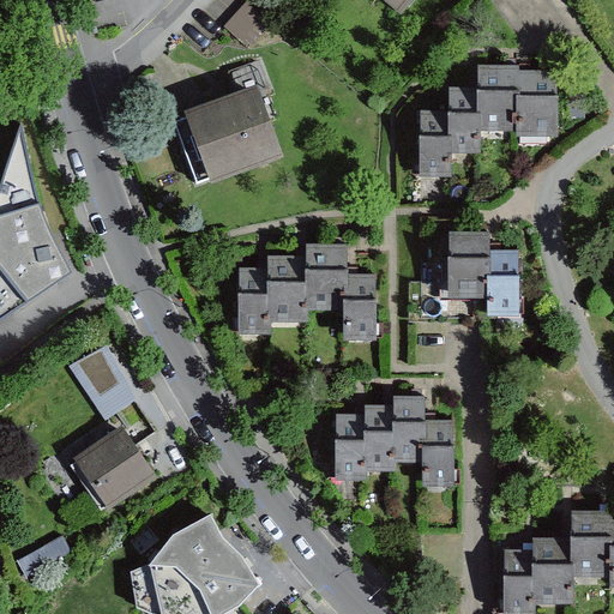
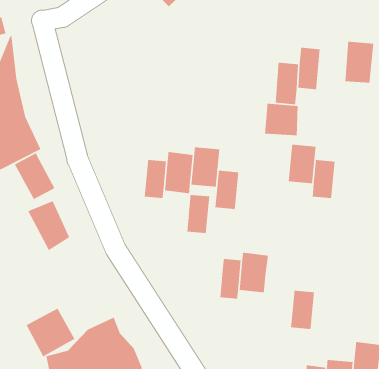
building: [478,66,518,126] -> none
building: [174,89,277,185] -> none
building: none -> [264,103,299,136]
building: none -> [14,152,56,200]
building: [333,422,363,478] -> [186,194,210,234]
building: [429,428,460,484] -> [290,290,315,330]
building: [71,437,146,512] -> [25,307,75,357]

